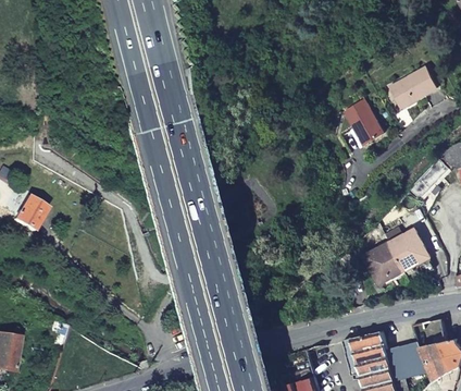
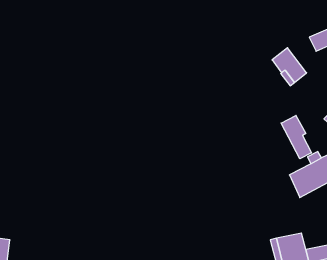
building: none -> [281,115,312,159]
building: [10,198,45,234] -> none

